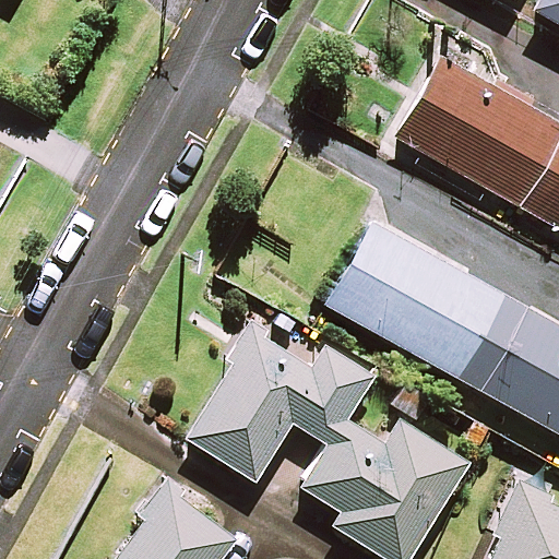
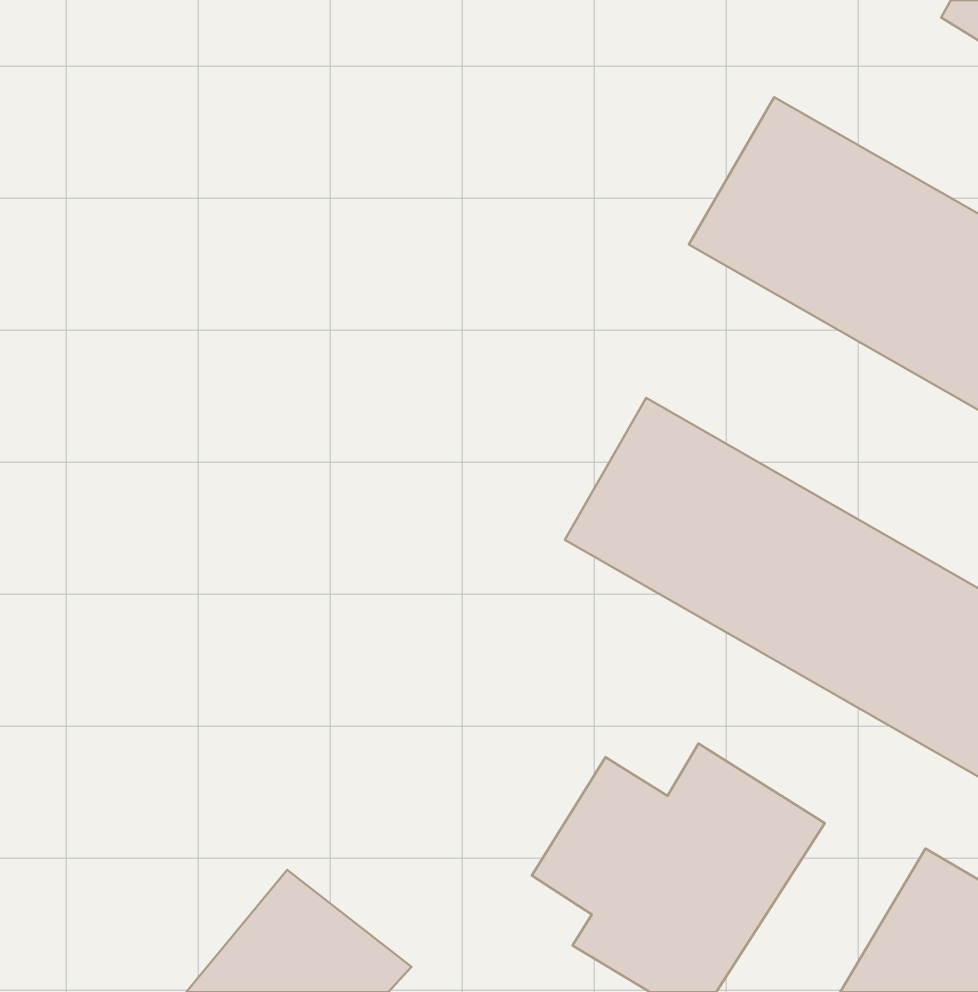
building: [186,318,378,477] -> none

